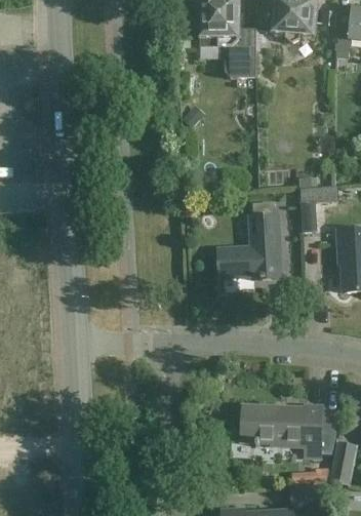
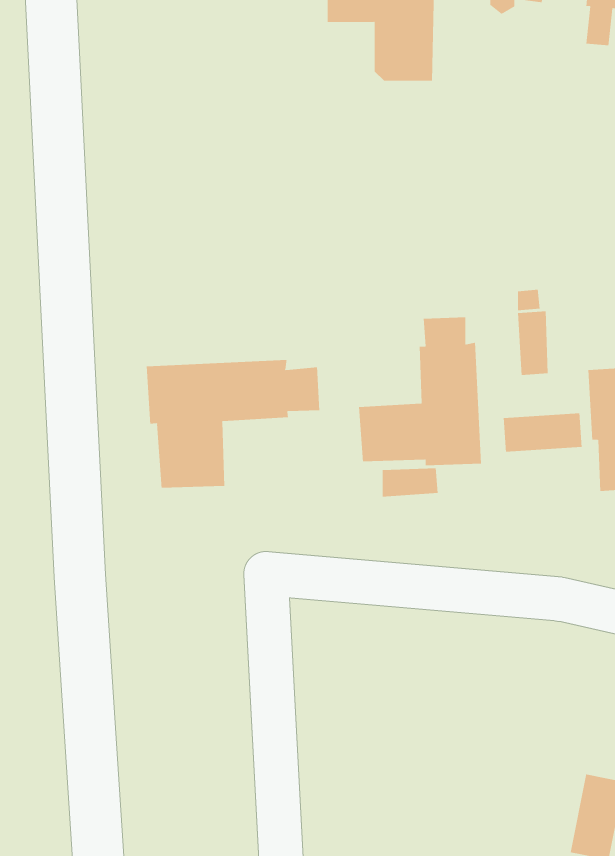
building: none -> [146,359,320,488]
building: none -> [503,413,582,453]
building: [231,404,323,457] -> none

